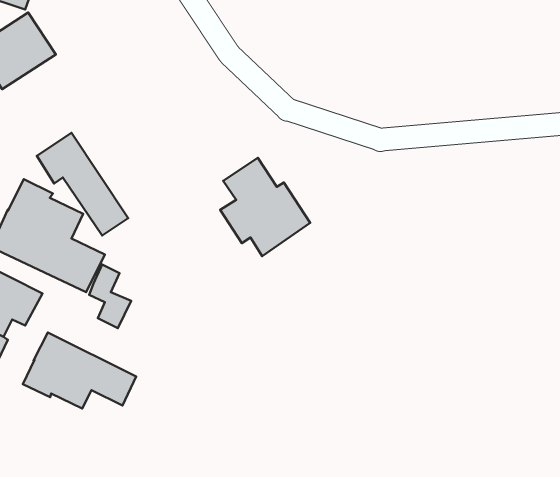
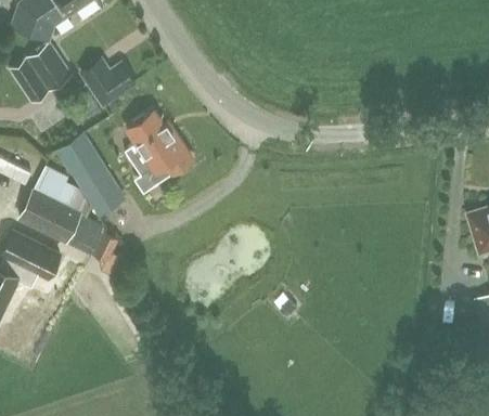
building: none -> [81,60,136,106]
building: [220,158,310,256] -> [125,113,192,186]
building: [23,333,136,409] -> none

